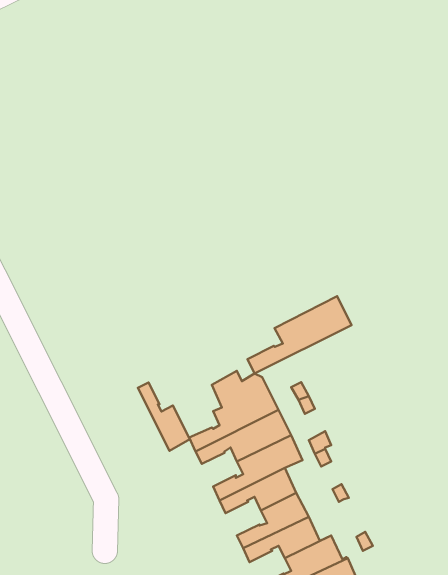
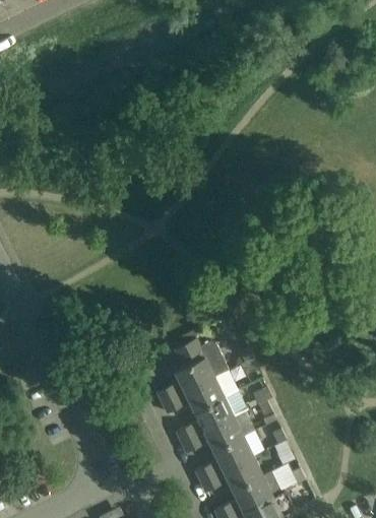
building: [247,296,352,374] -> none
building: [138,382,190,451] -> none

